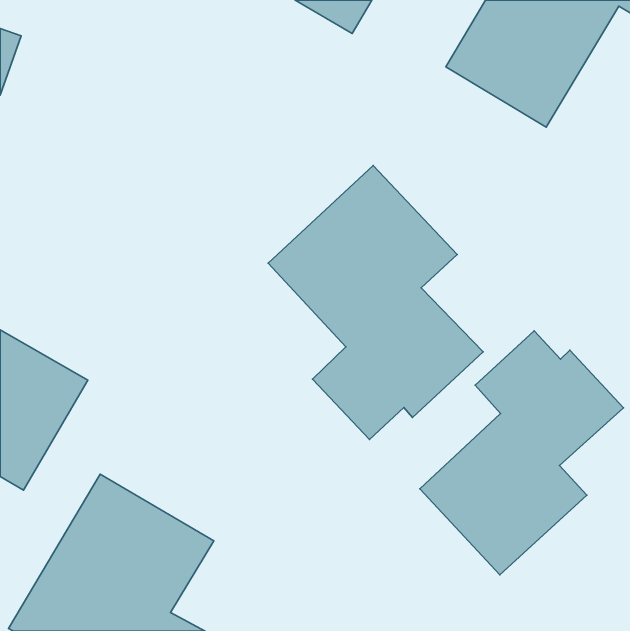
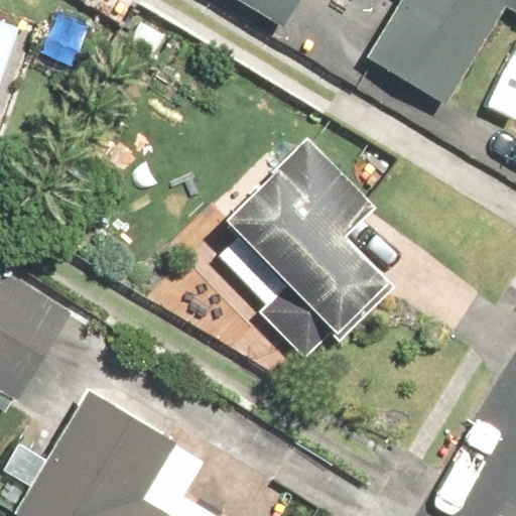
building: [420,331,623,575] -> none

